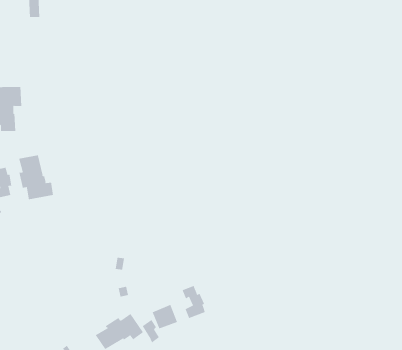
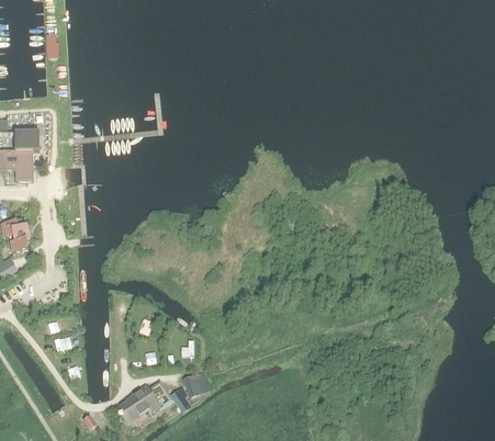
building: [18,155,54,200] -> none
building: [182,285,205,319] -> none

